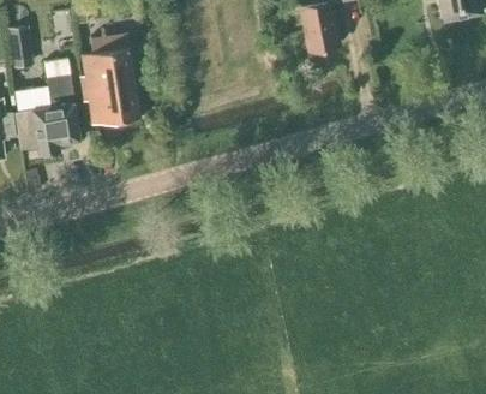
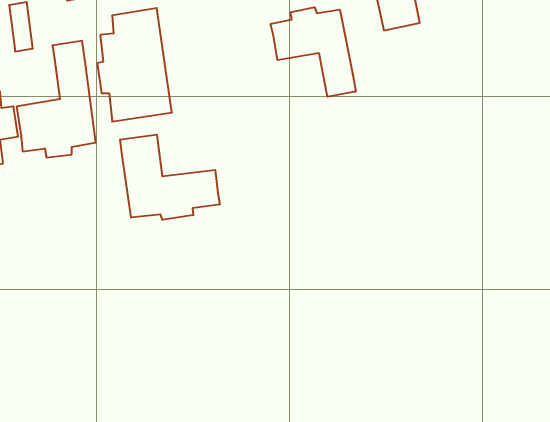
building: none -> [271,7,356,97]
building: none -> [120,135,220,220]

